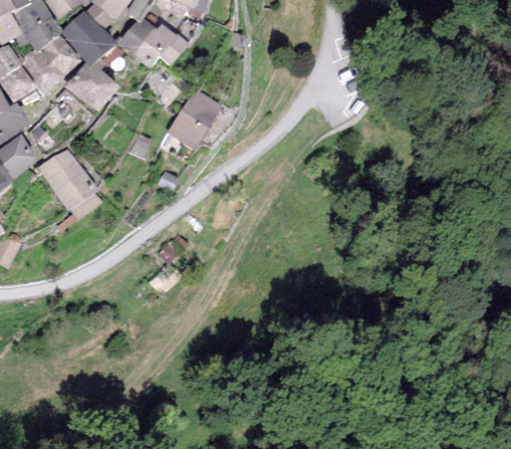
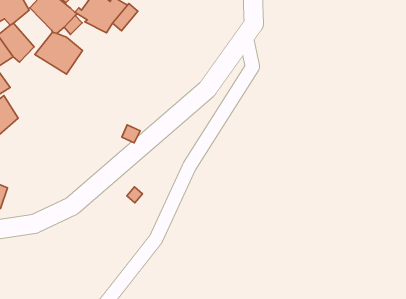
building: [39,33,80,77] -> none
building: [167,88,222,148] -> none
building: [38,147,97,210] -> none

